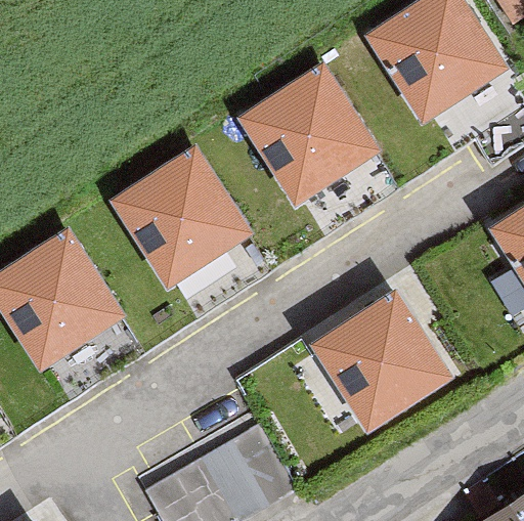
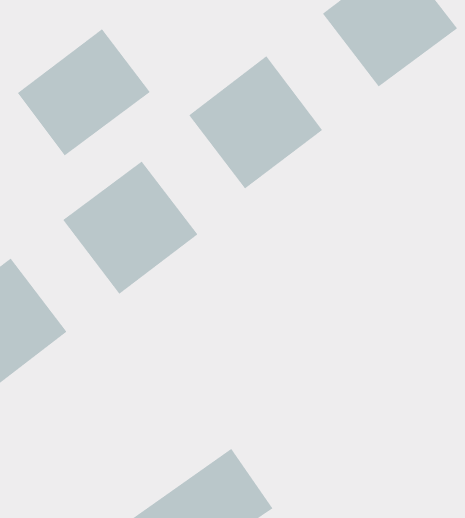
building: none -> [17,28,151,156]
building: [319,298,442,419] -> none

